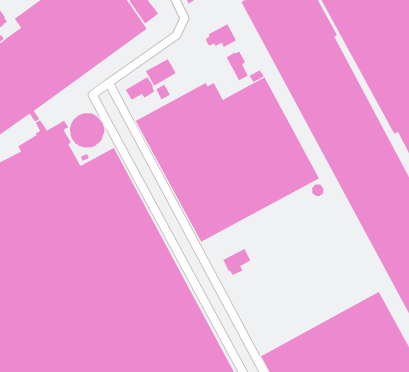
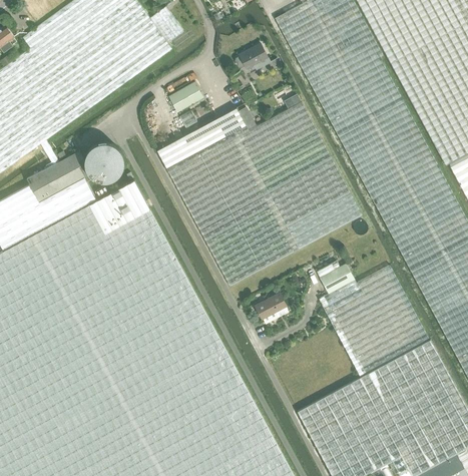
building: [226,51,249,81] -> none
building: [125,76,155,101] -> none
building: none -> [317,261,429,376]

